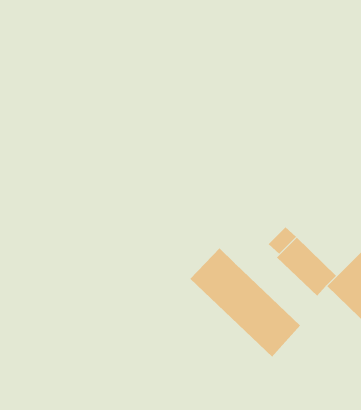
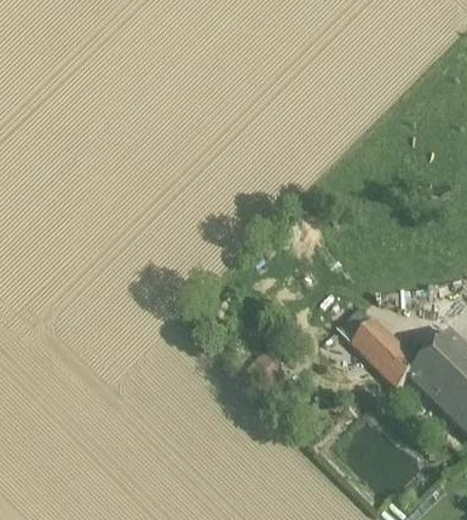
building: [190,247,301,357] -> none

